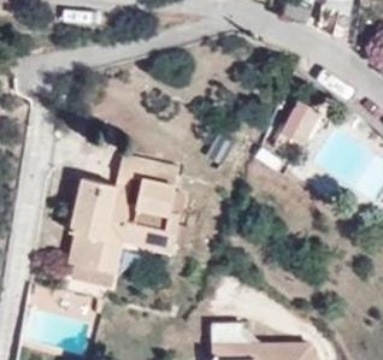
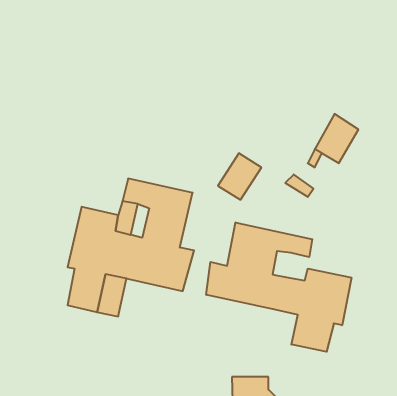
building: none -> [206,222,351,352]

